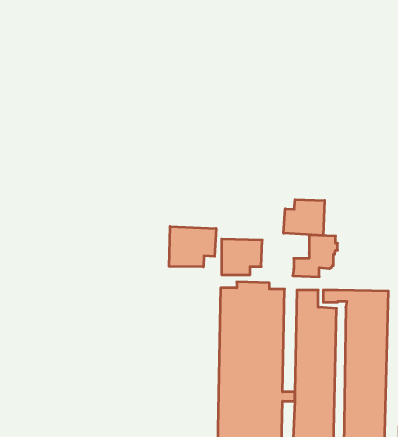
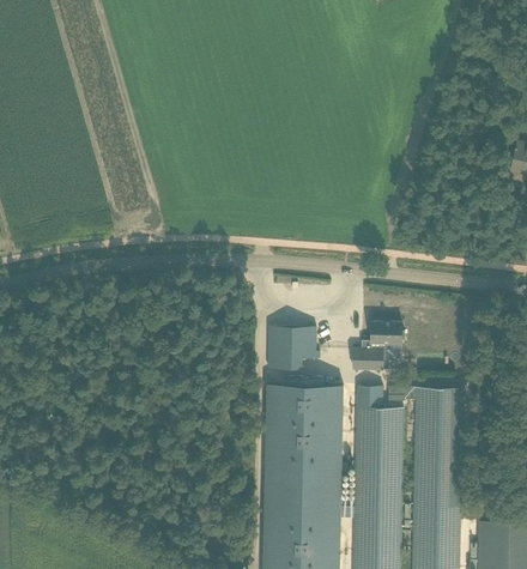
building: [284,200,325,236] -> none
building: [169,226,216,267] -> none

